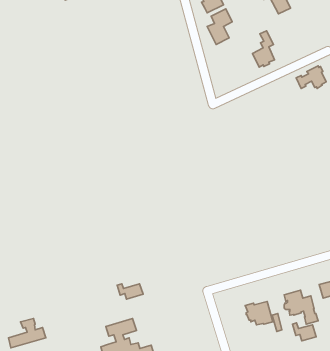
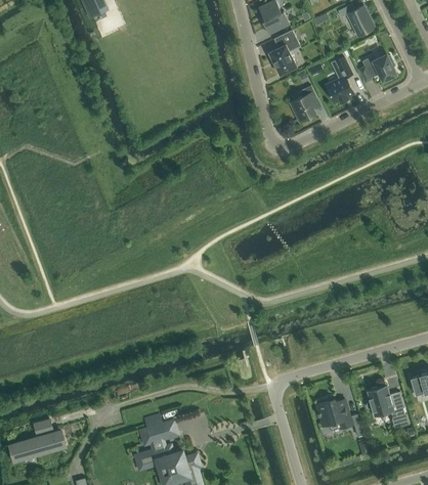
building: none -> [294,86,319,123]
building: [296,66,326,88] -> [358,54,396,83]
building: [117,284,143,299] -> none
building: [293,323,316,341] -> none

